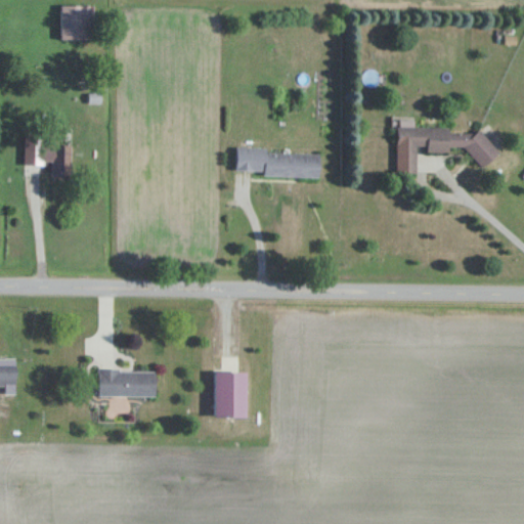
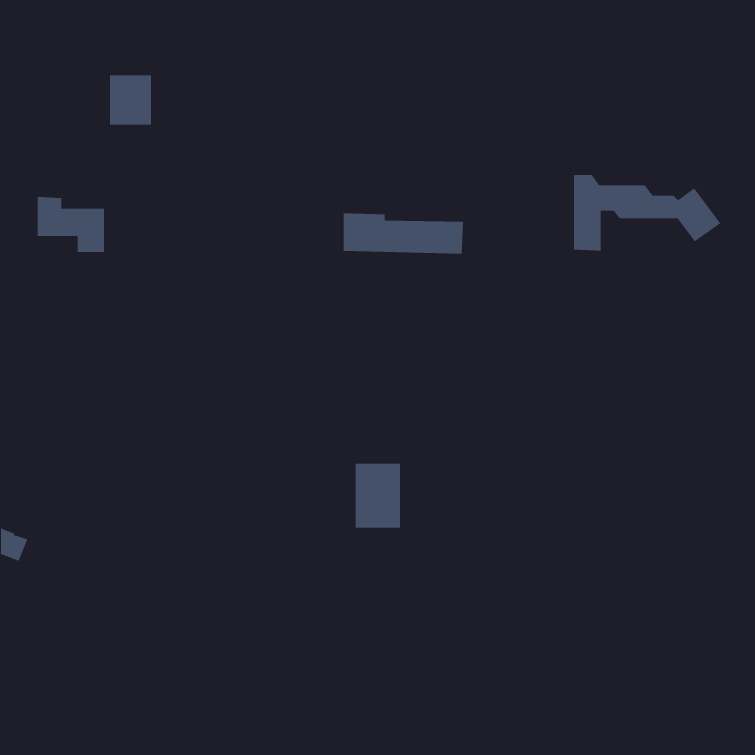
building: [62,5,92,40] -> [109,75,152,125]
building: [98,370,157,396] -> none
building: [216,373,248,418] -> [355,463,401,528]

